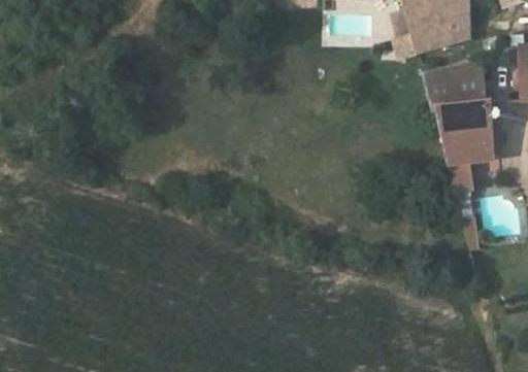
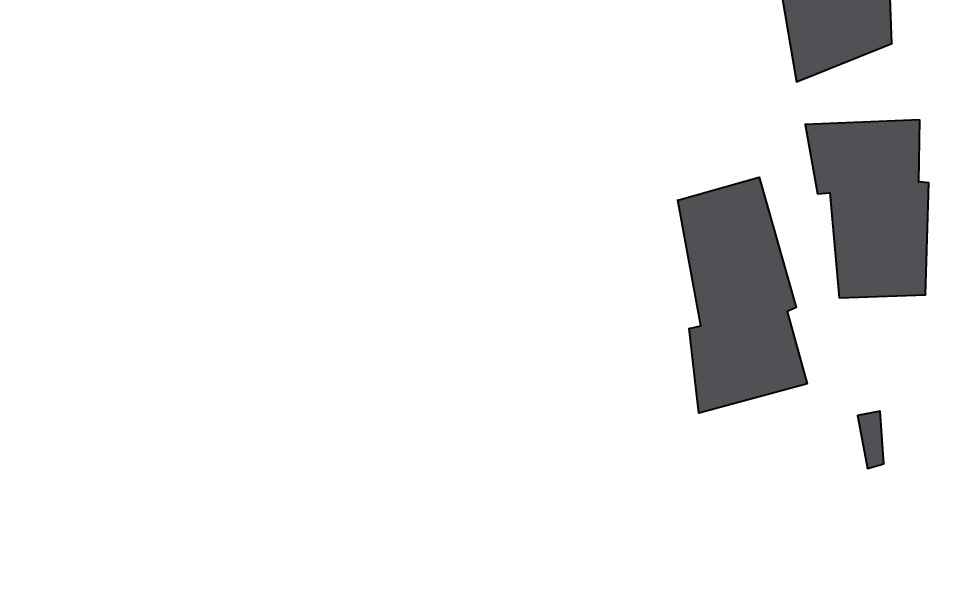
building: none -> [678,177,807,413]

